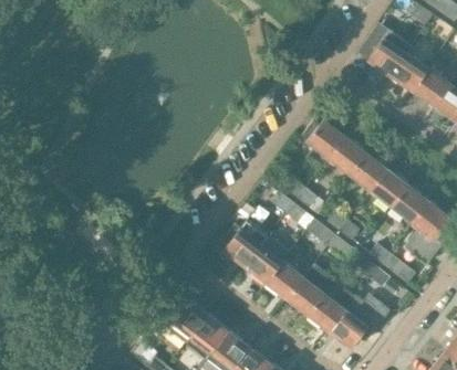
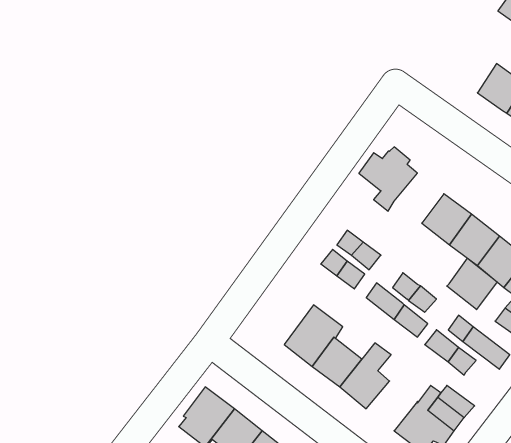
building: [368,31,412,76] -> none
building: [329,137,366,175] -> none
building: none -> [447,258,497,310]
building: [224,220,268,266] -> none
building: [308,288,356,331] -> none

